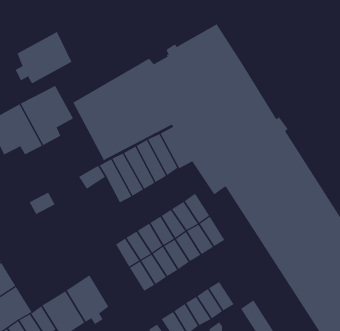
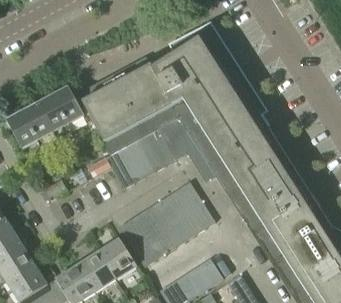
building: [15,31,72,84] -> none
building: none -> [97,237,137,279]

